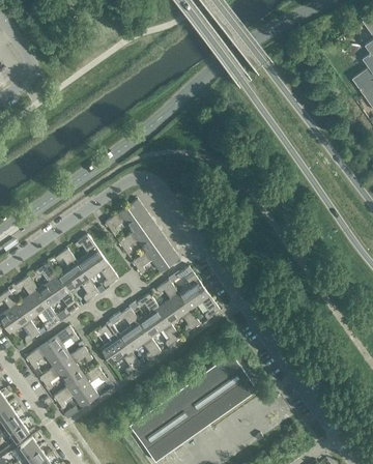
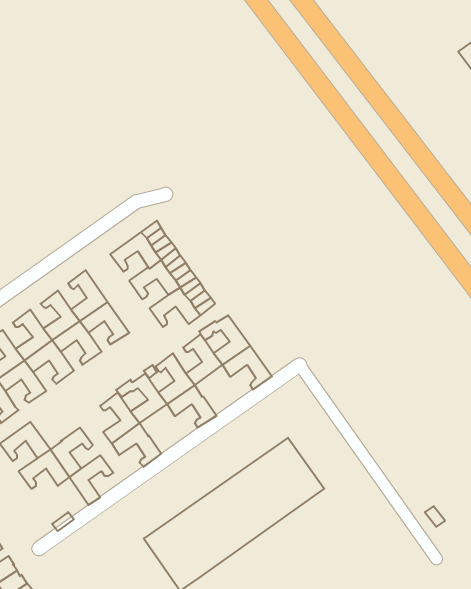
building: [165,302,200,334] -> none
building: [48,327,79,363] -> none
building: [125,330,161,361] -> none
building: [54,382,89,410] -> none

